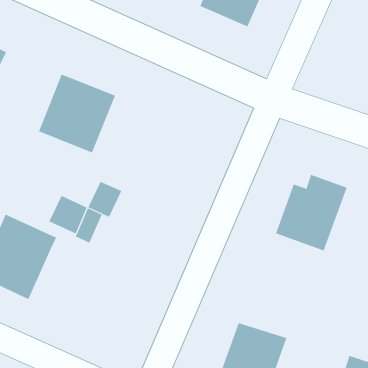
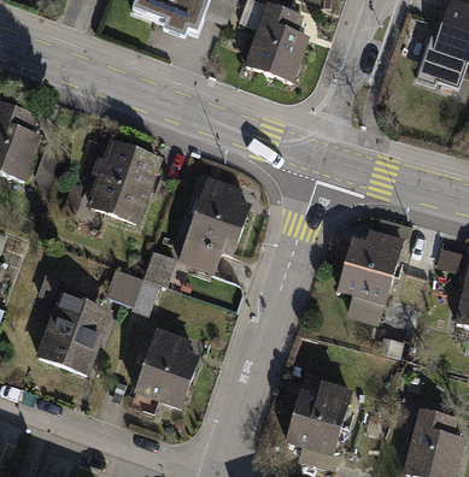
building: none -> [177,176,247,272]
building: none -> [131,326,199,410]

